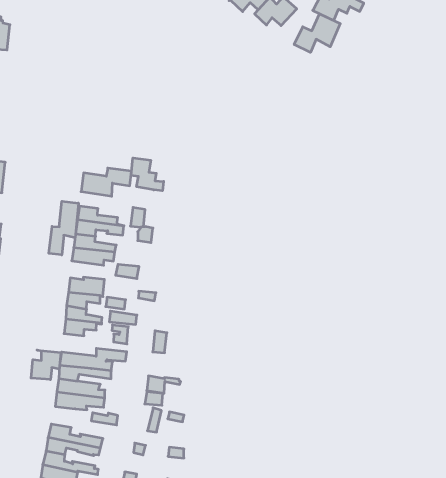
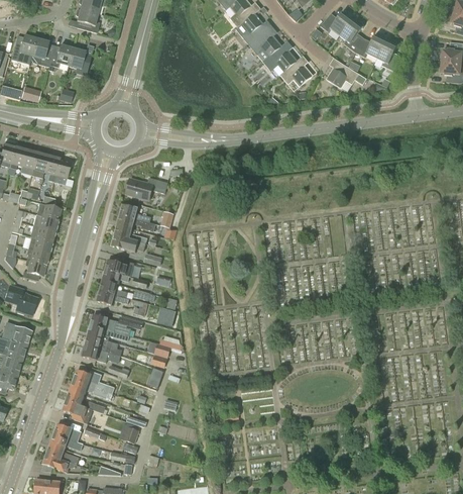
building: [294,14,340,52] -> none
building: [131,158,164,191] -> none
building: [49,201,78,255] -> none
building: [31,350,61,380] -> none

